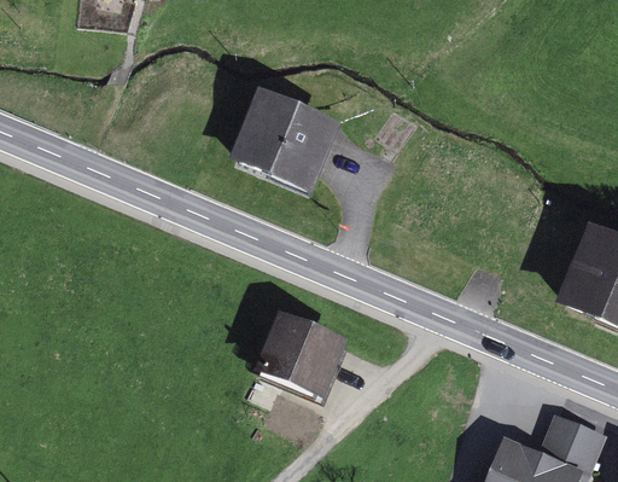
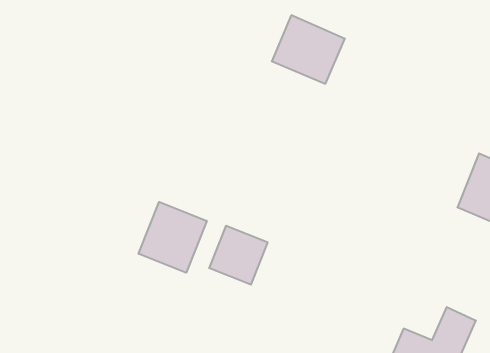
building: [239,103,330,187] -> [272,15,345,84]
building: none -> [139,202,207,273]

